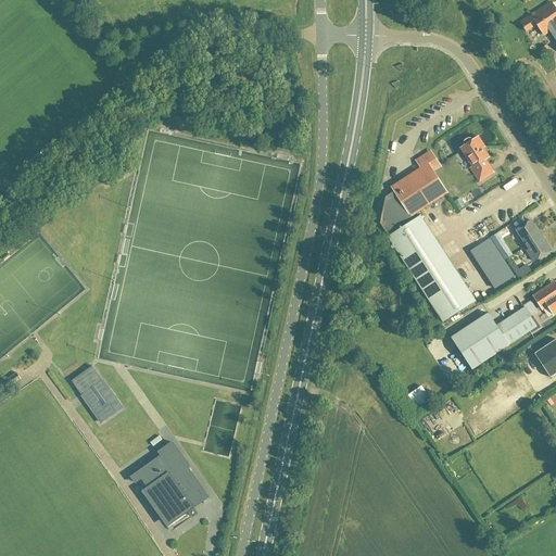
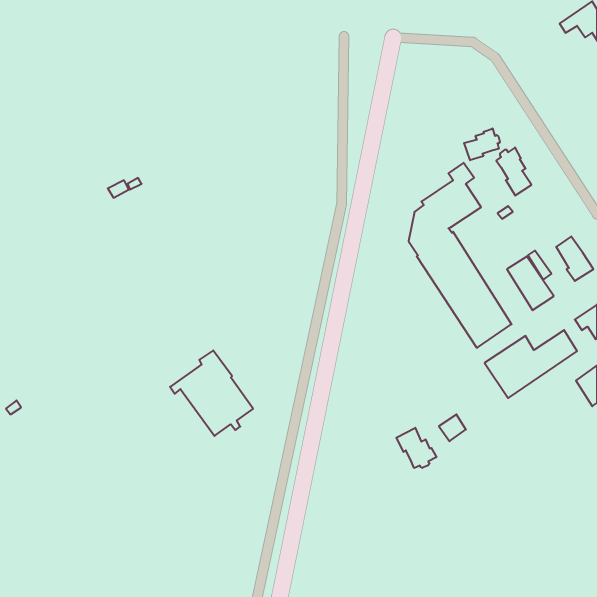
building: none -> [464,128,500,160]
building: [71,365,121,421] -> none
building: none -> [396,428,436,468]
building: [130,442,207,521] -> [170,350,253,436]

